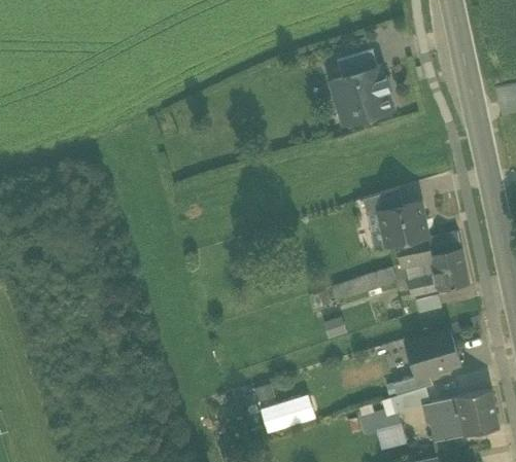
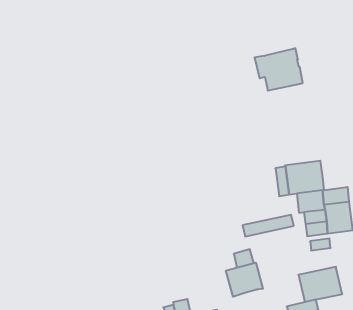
building: [337,49,378,78] -> none
building: [364,187,403,215] -> none
building: none -> [226,263,263,297]

